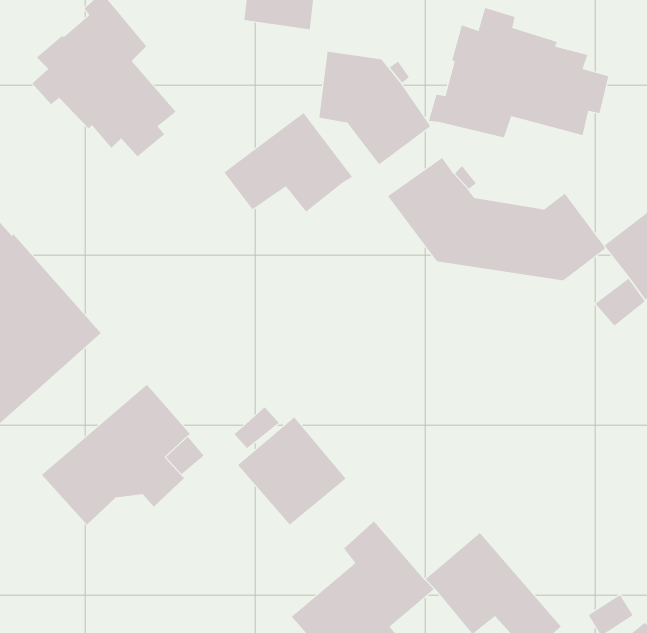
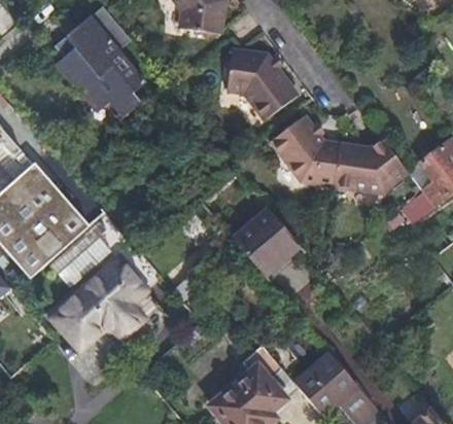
building: [428,7,609,138] -> none
building: [223,112,353,213] -> none
building: none -> [50,222,111,288]
building: [237,416,347,526] -> [232,208,301,277]

